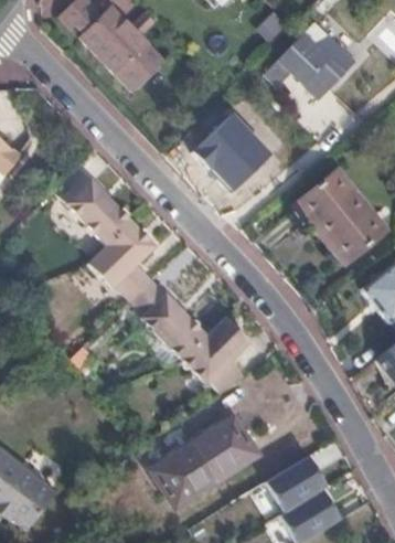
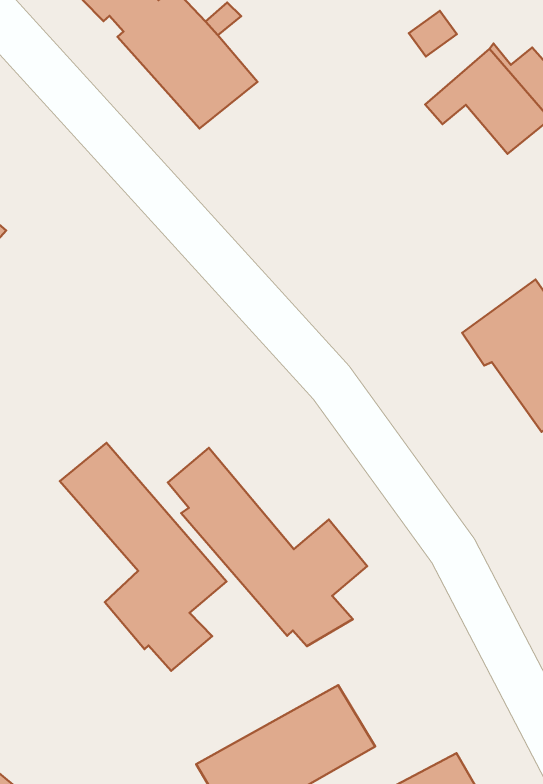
building: [191,111,271,191] -> none
building: [54,169,157,302] -> [60,443,226,671]

